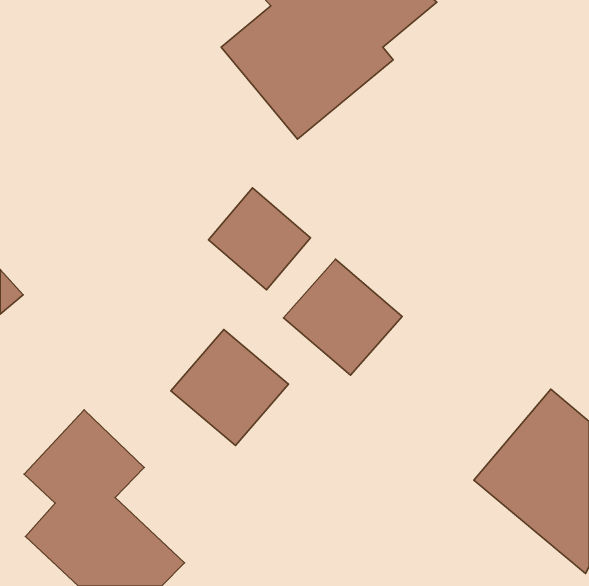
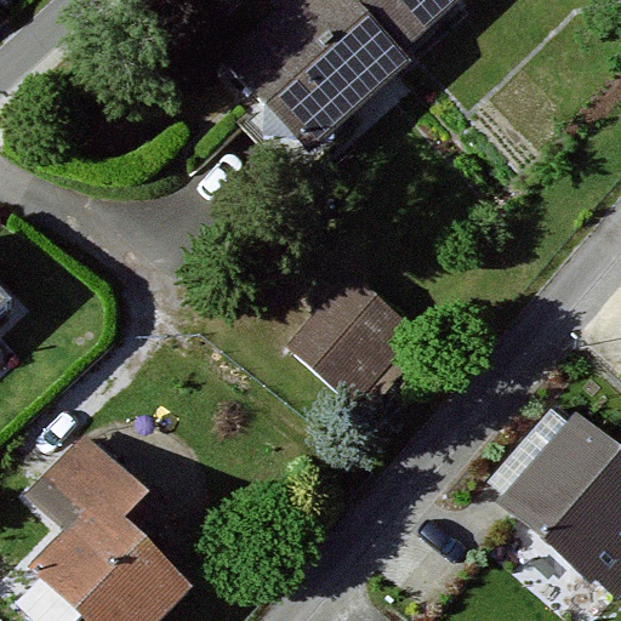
building: [209,188,310,290] -> none
building: [171,330,288,445] -> none

